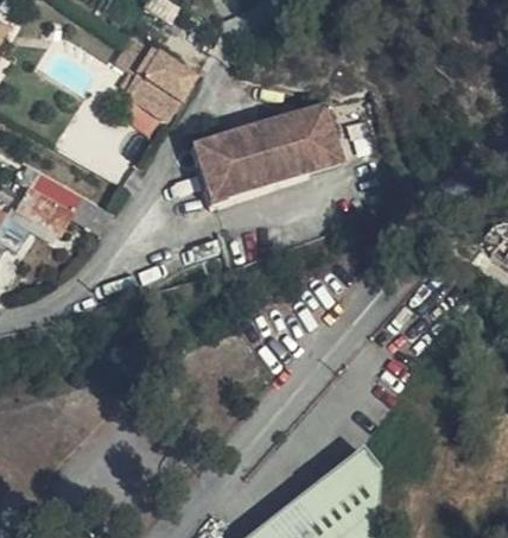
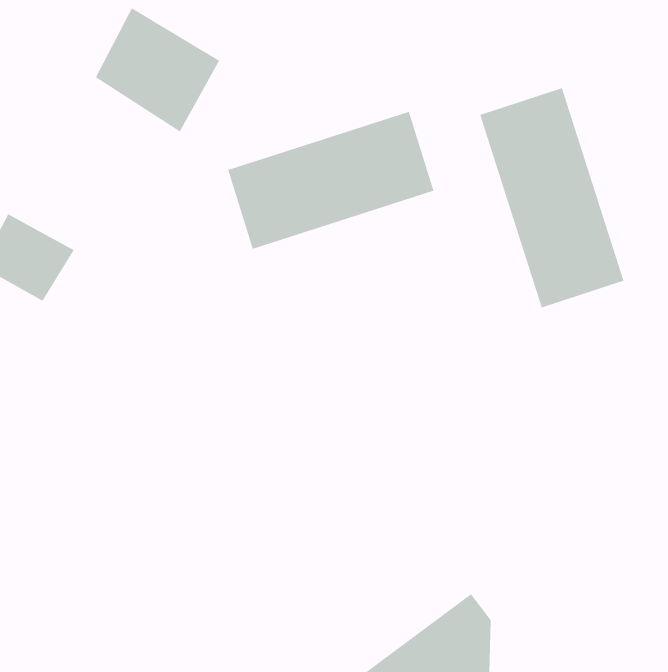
building: none -> [479,87,625,309]

